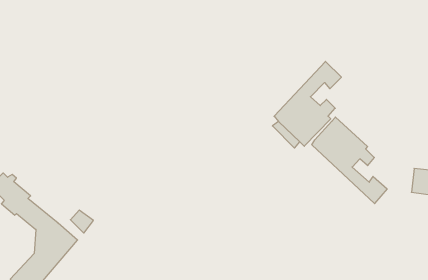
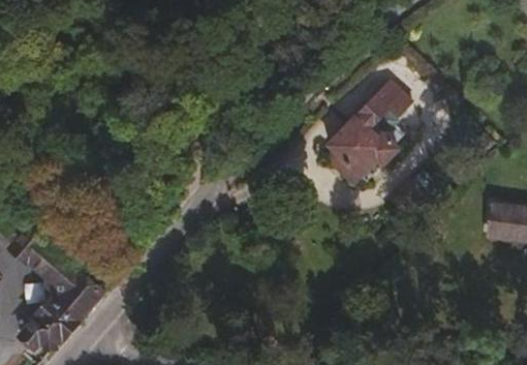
building: [312,117,387,204] -> none

